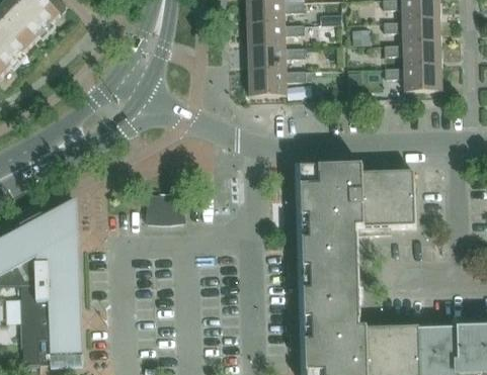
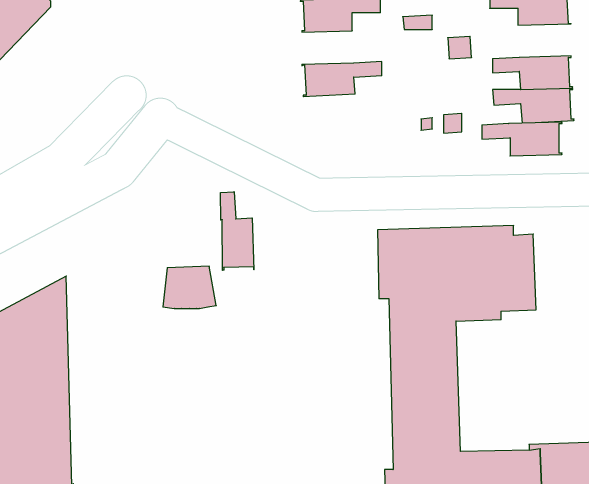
building: [382,20,439,44] -> [482,122,562,156]
building: [245,24,303,50] -> none
building: [246,71,304,96] -> none
building: none -> [221,192,254,270]

